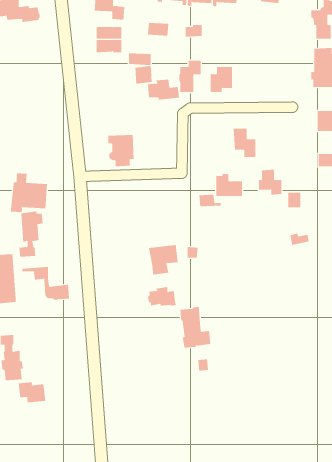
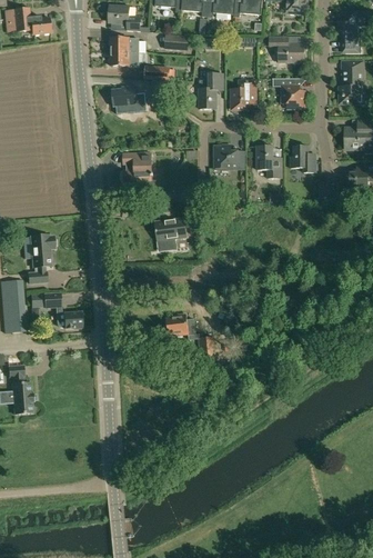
building: none -> [269,34,304,62]
building: none -> [273,78,304,108]
building: [147,79,180,100] -> [112,84,147,107]
building: [258,169,282,195] -> [290,145,315,172]
building: [10,173,48,213] -> none
building: [216,173,243,196] -> [215,143,244,168]
building: [148,245,179,275] -> [155,218,188,250]
building: [18,381,46,403] -> none

